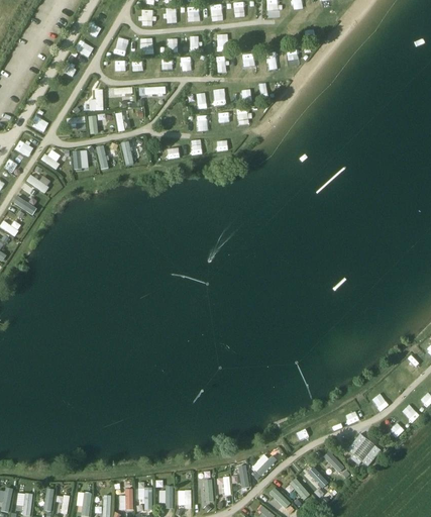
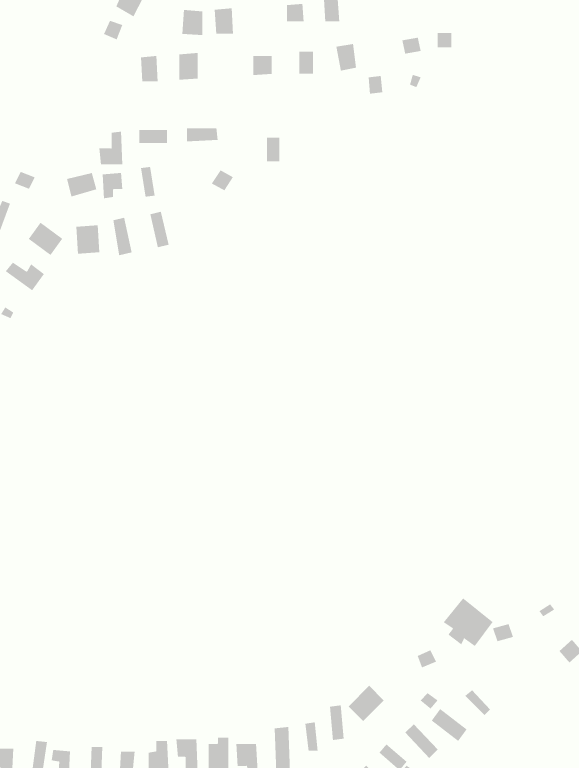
building: [346,434,380,467] -> [443,598,494,647]

